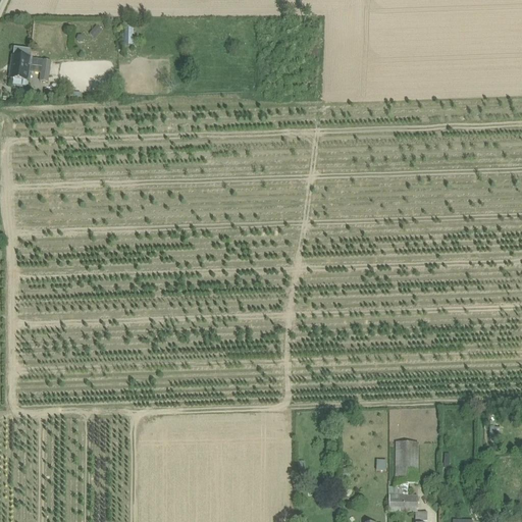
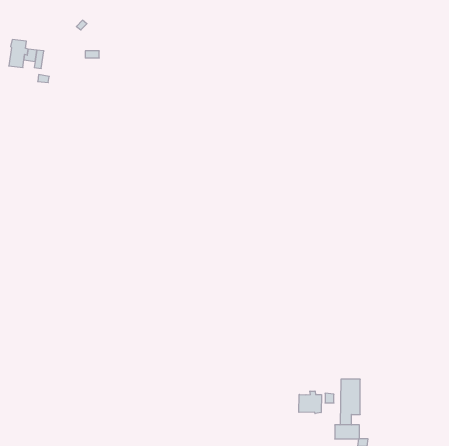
building: none -> [299,391,321,414]

